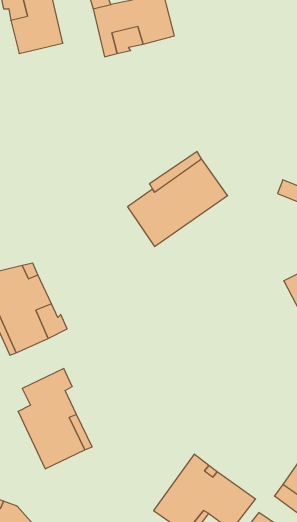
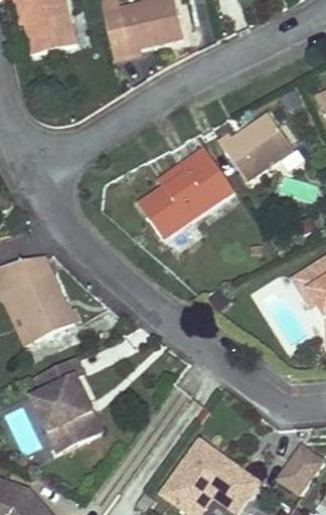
building: none -> [217,111,293,181]

